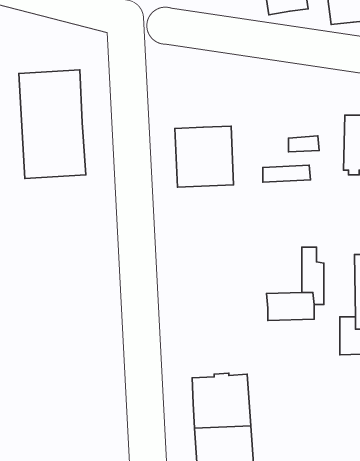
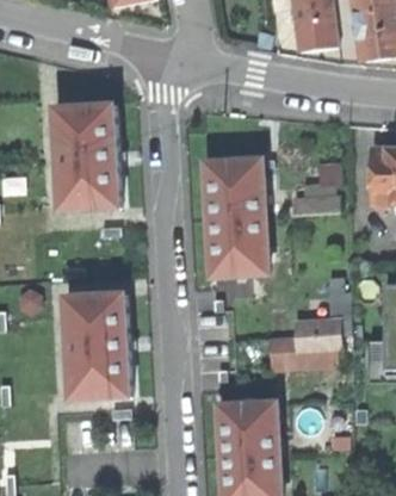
building: none -> [209,216,266,275]
building: none -> [63,292,129,399]
building: none -> [272,336,344,367]

